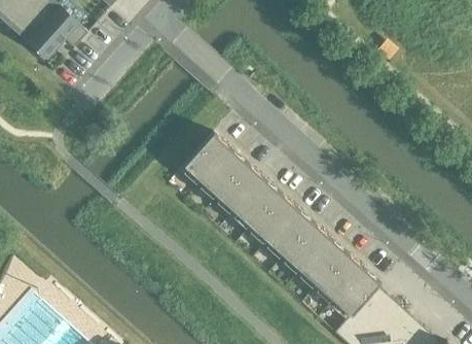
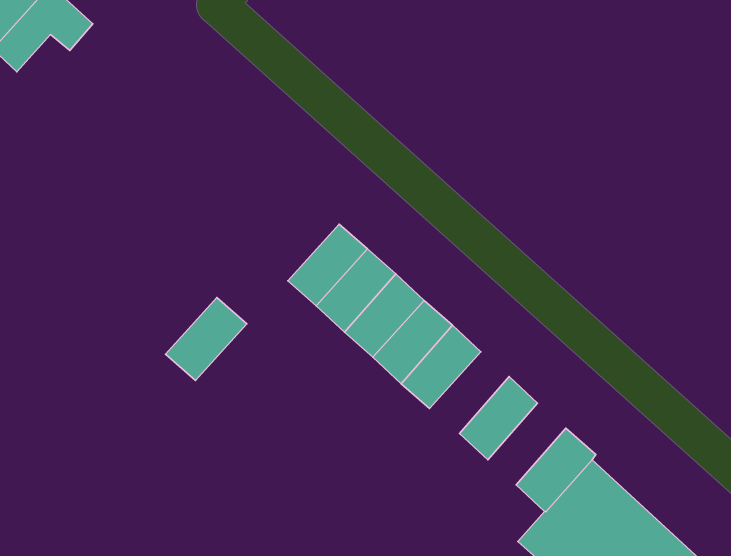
building: [183,134,230,182] -> [166,297,247,381]
building: [283,223,329,271] -> none
building: [317,253,362,301] -> none

